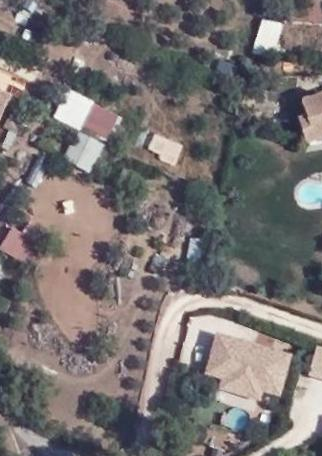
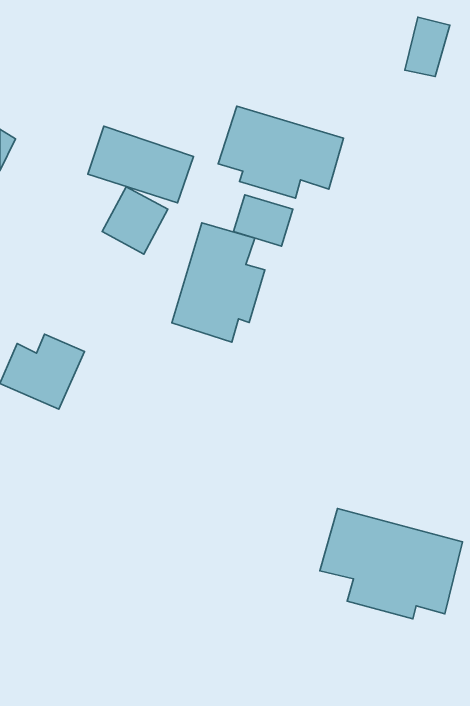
building: none -> [218,106,344,198]
building: none -> [172,223,265,342]

